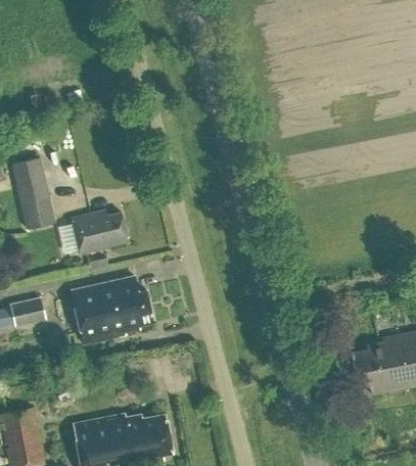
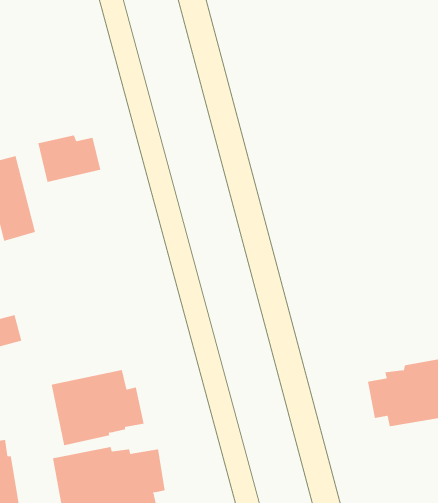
building: [73,211,129,252] -> [37,135,101,182]
building: [72,276,154,343] -> [51,369,145,446]

